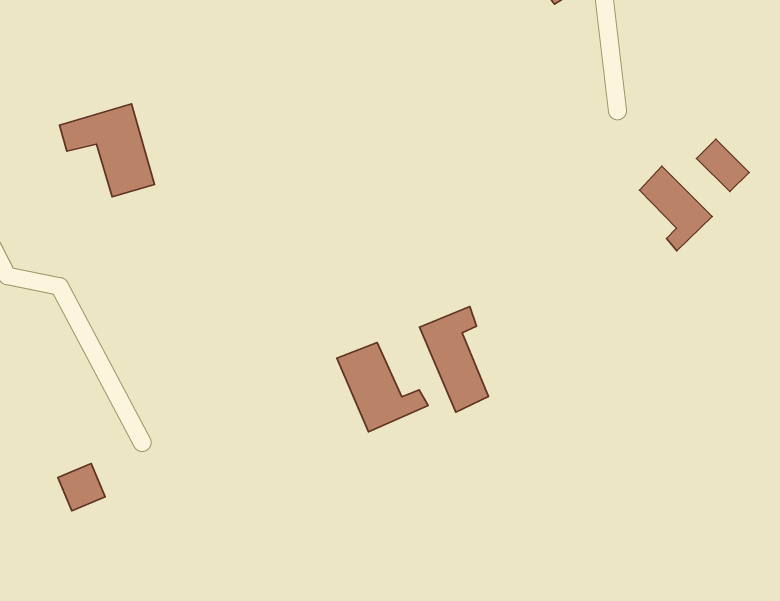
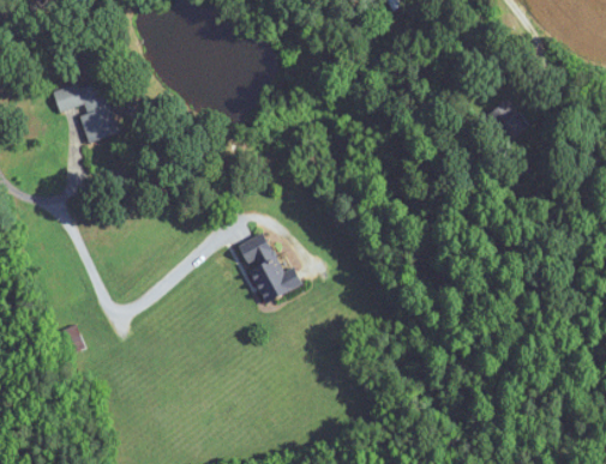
building: [639,166,712,251] -> none
building: [419,307,488,412] -> none

